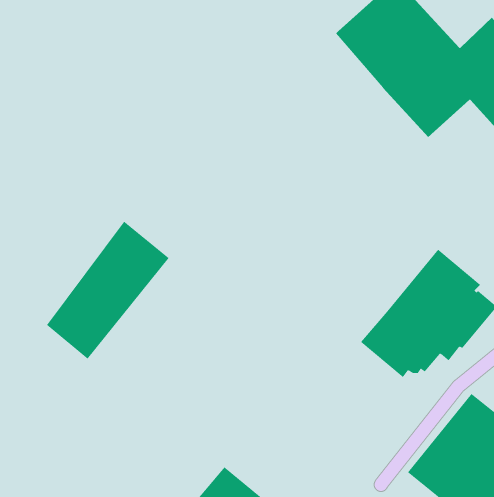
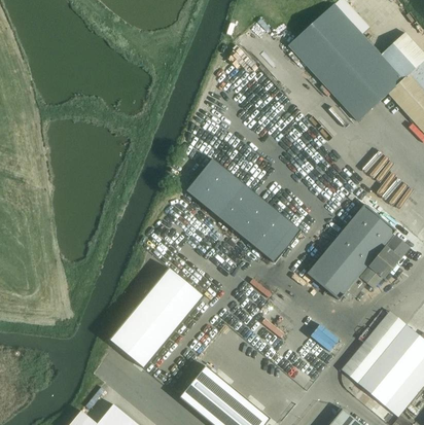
building: none -> [187,158,302,262]
building: [46,221,170,359] -> [108,265,200,368]

